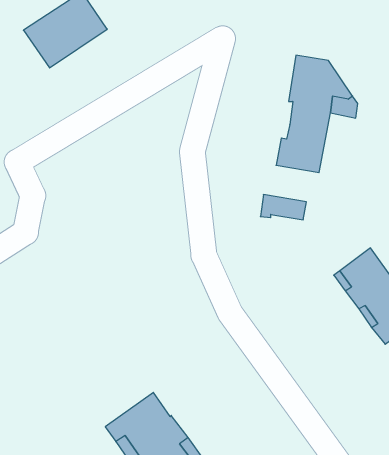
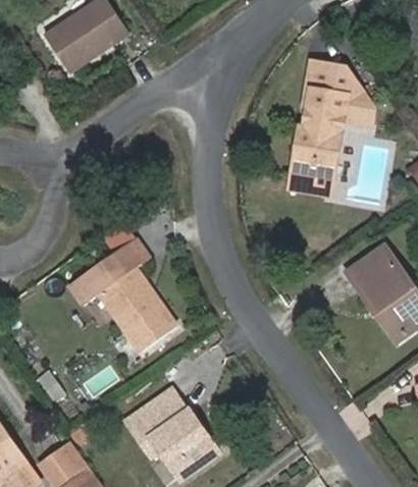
building: [260,195,306,220] -> [289,166,333,191]
building: none -> [69,237,176,351]

